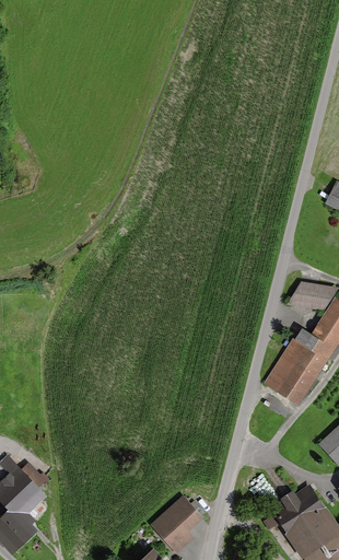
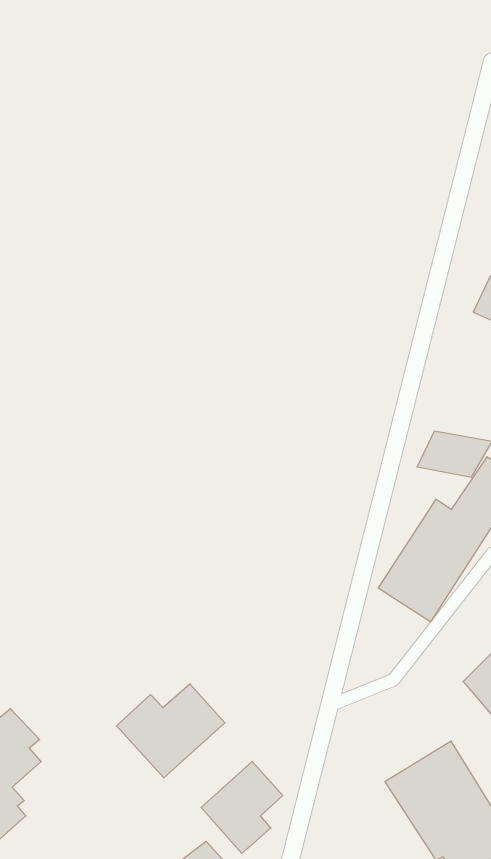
building: none -> [116,684,225,778]

